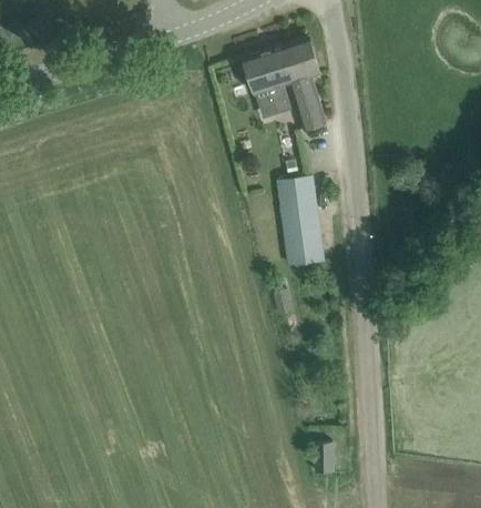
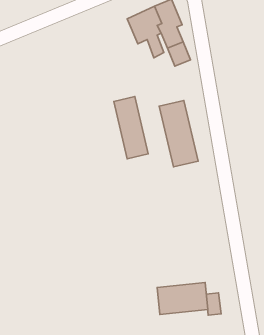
building: none -> [114,96,148,159]
building: none -> [157,283,208,314]

